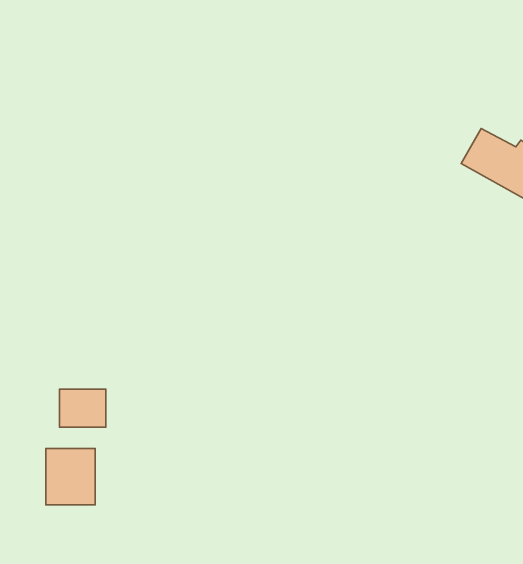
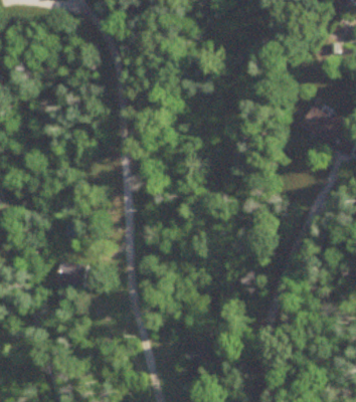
building: [46,449,95,505] -> none

